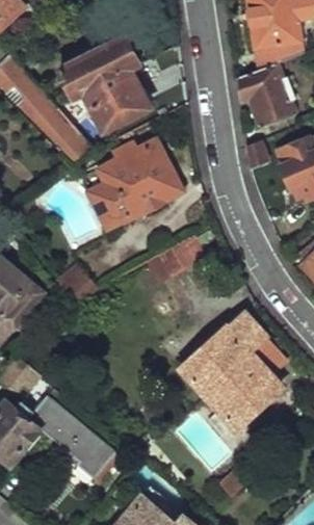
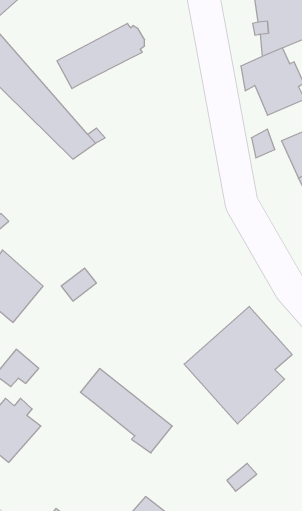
building: [83,71,149,134] -> none
building: [86,143,183,231] -> none
building: [28,396,117,478] -> [80,369,172,453]

